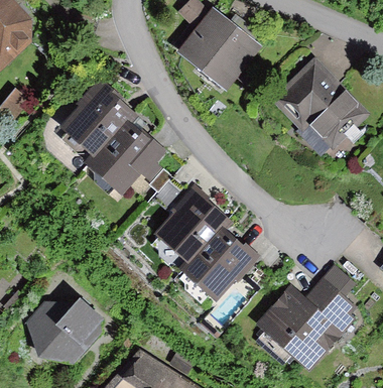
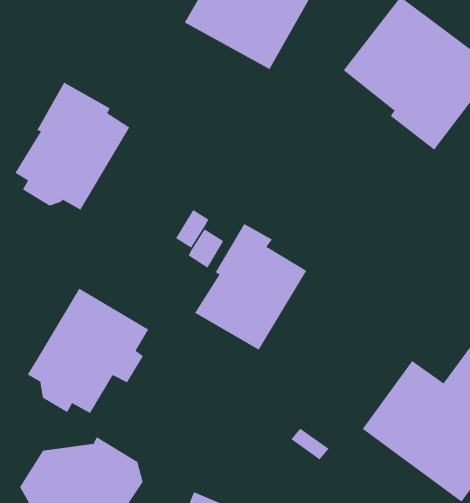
building: [87,117,167,197] -> [27,288,149,414]
building: [181,226,260,301] -> none

